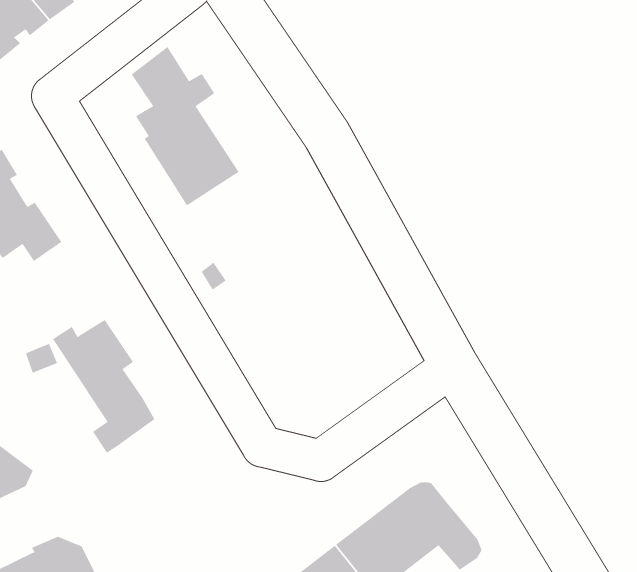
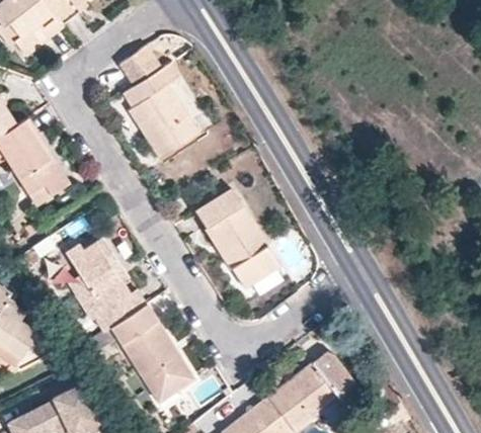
building: none -> [195,187,278,285]
building: none -> [110,302,193,407]

